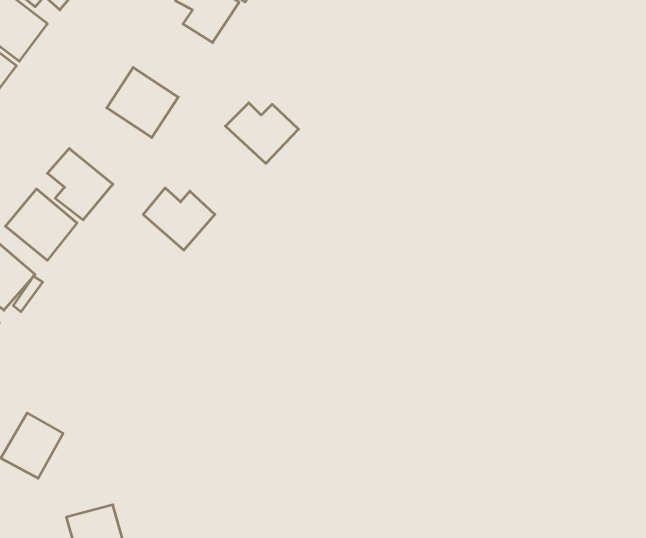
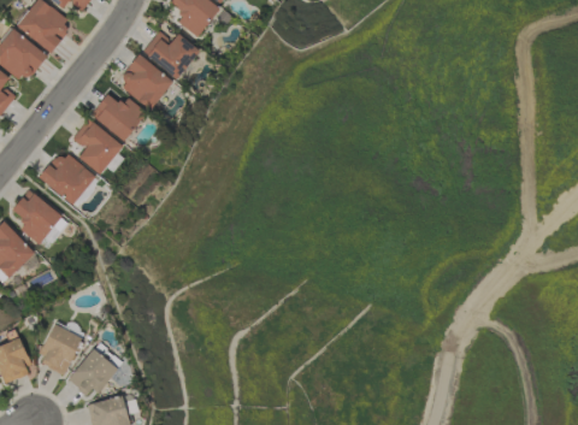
building: [225,103,299,163] -> [142,33,199,79]
building: [143,188,215,250] -> [90,94,146,142]
building: none -> [66,349,117,396]

